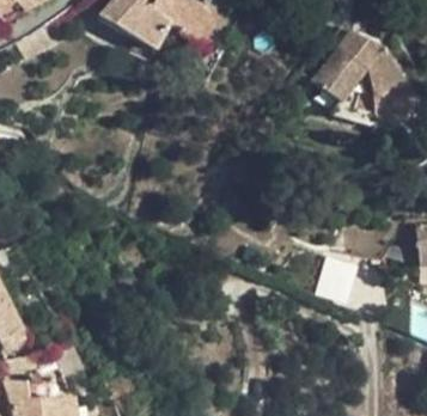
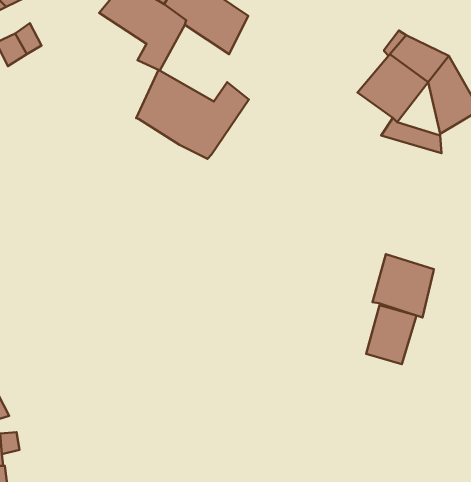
building: none -> [136,70,249,159]
building: none -> [372,254,434,317]

